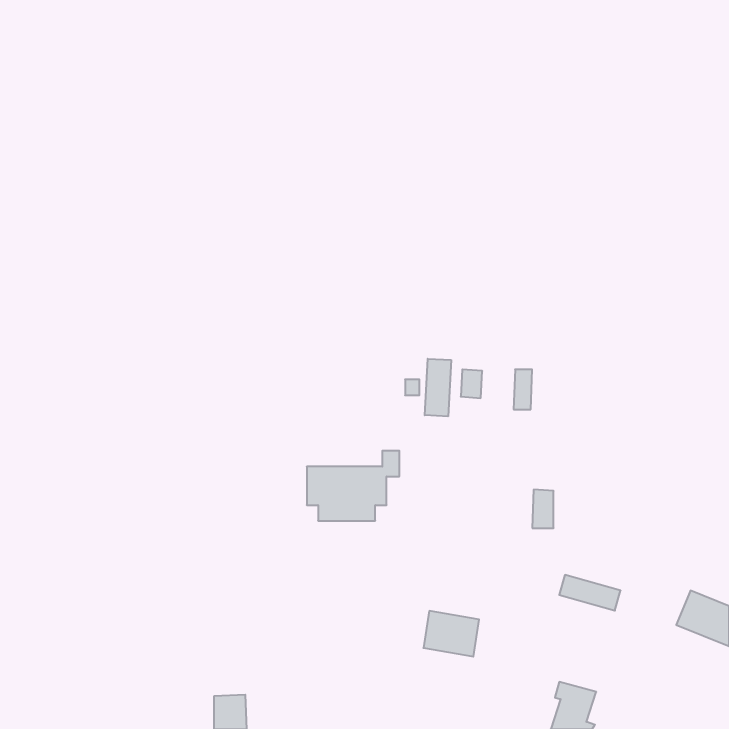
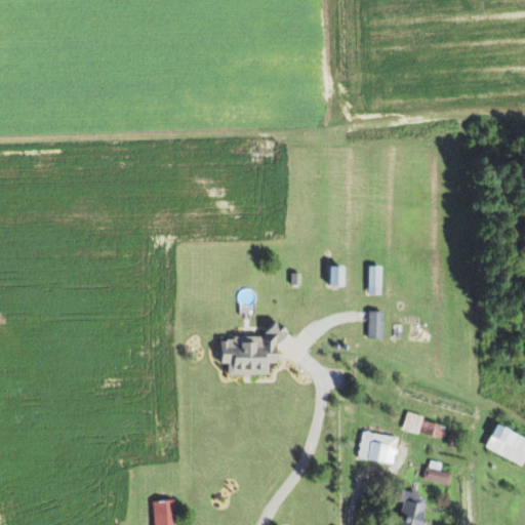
building: [425,359,451,416] -> none
building: [532,490,554,528] -> [368,311,383,338]
building: [423,611,479,657] -> [358,431,398,463]
building: none -> [425,459,451,483]

